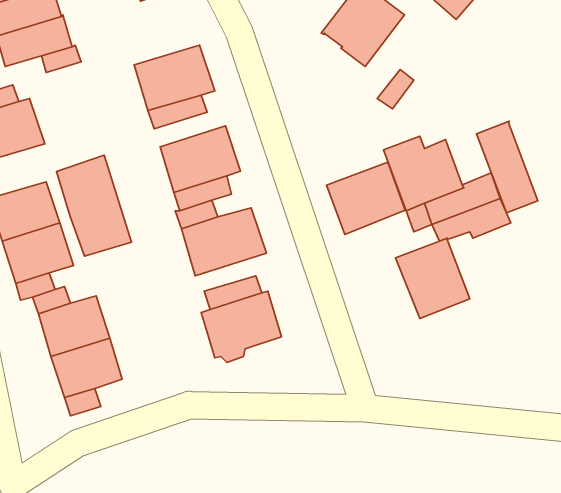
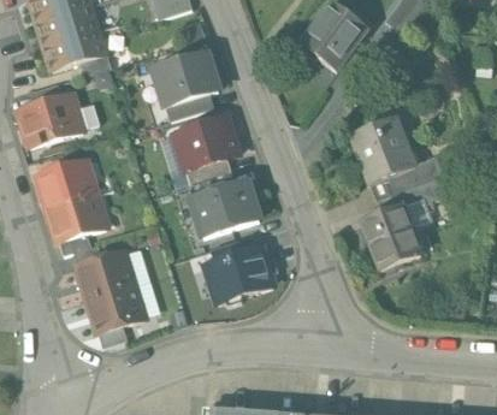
building: [476,121,538,213] -> none
building: [57,155,132,256] -> none
building: [327,162,405,235] -> none

